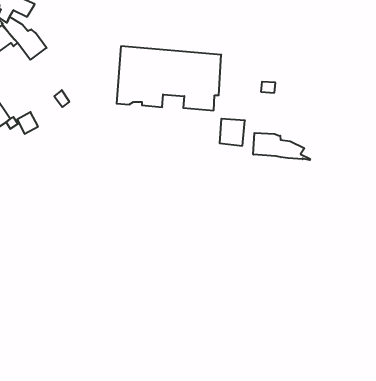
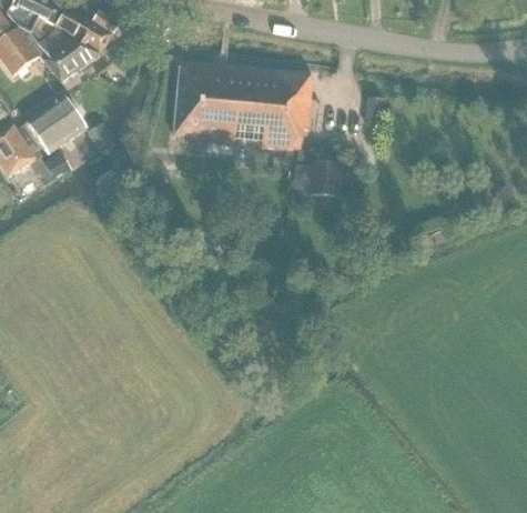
building: none -> [32,8,119,66]
building: none -> [26,94,85,152]
building: [253,133,310,160] -> none

